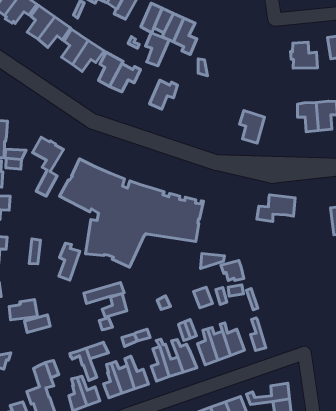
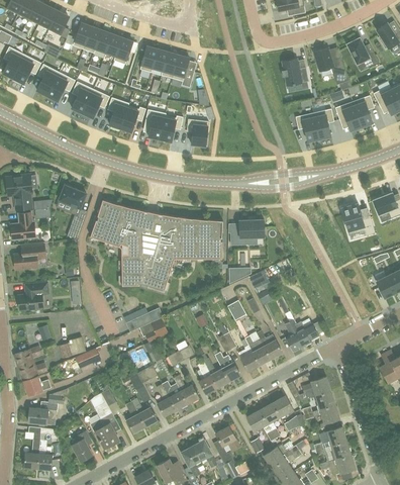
building: [146,33,170,66] -> [144,109,166,138]
building: [239,110,265,143] -> [186,118,208,147]
building: [257,195,295,222] -> [230,219,264,245]
building: [59,243,80,280] -> none
building: none -> [289,319,318,347]

